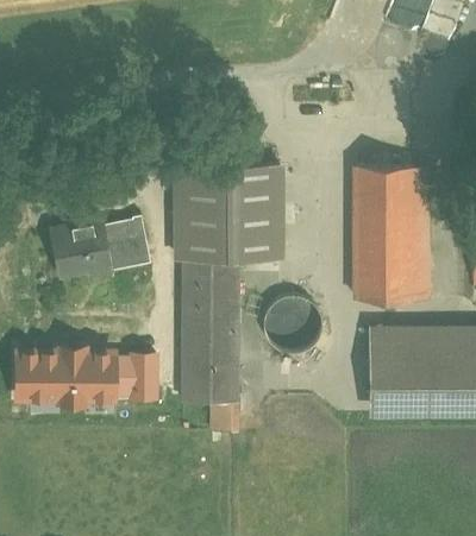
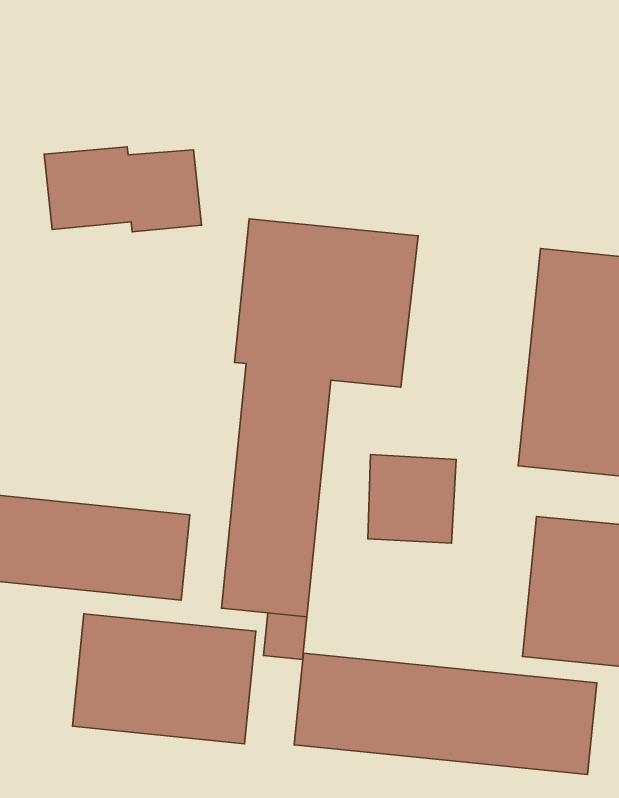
building: [50,220,150,277] -> [44,147,202,232]
building: none -> [72,614,256,744]
building: none -> [294,653,597,775]

